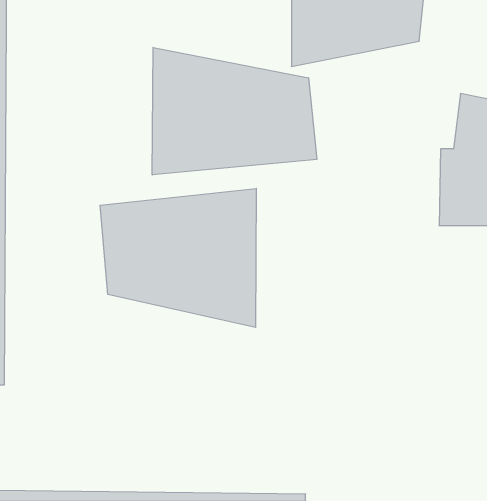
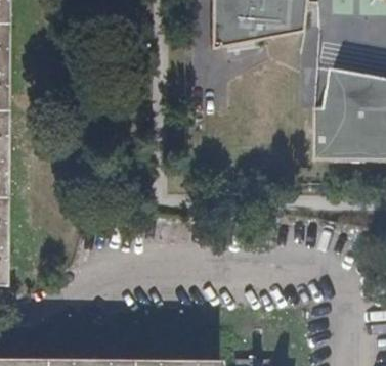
building: [152,47,317,175] -> none
building: [100,188,256,327] -> none

